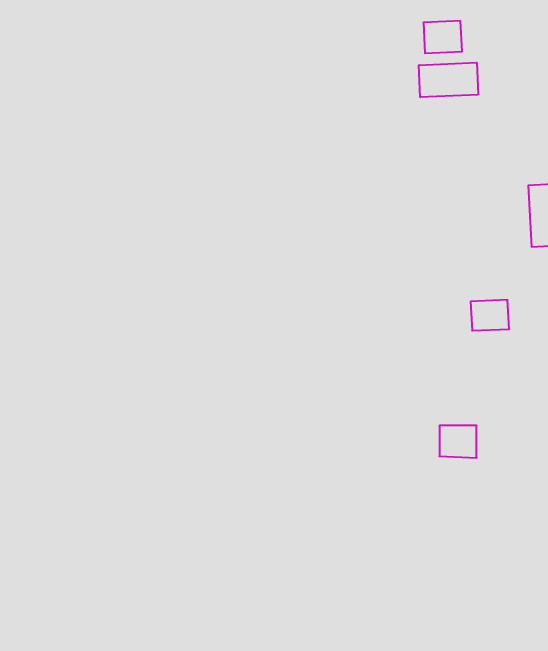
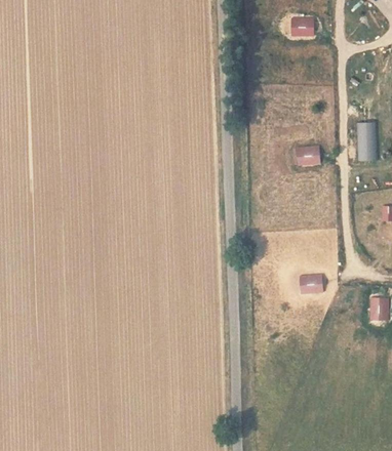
building: [419,63,478,97] -> none
building: [471,300,509,331] -> [295,147,319,166]

